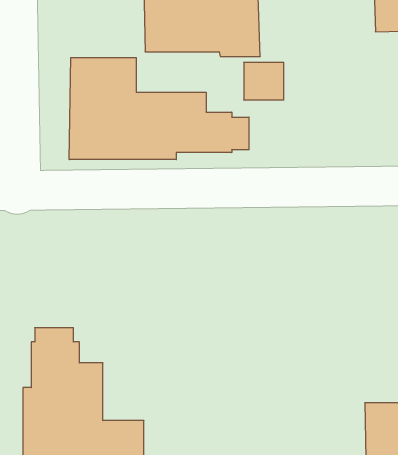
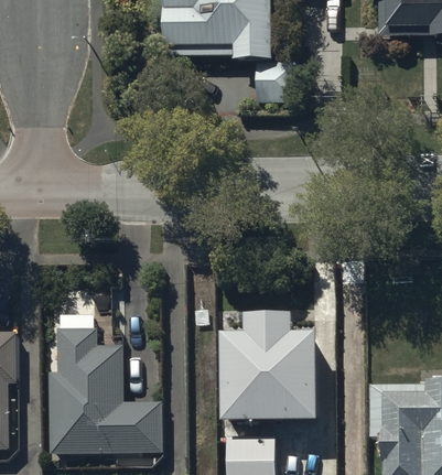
building: [69,58,249,160] -> none
building: none -> [222,315,315,421]

